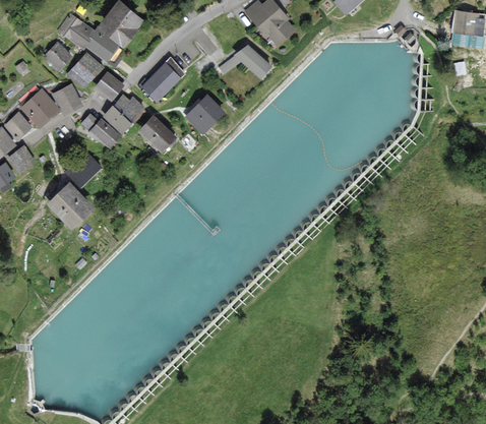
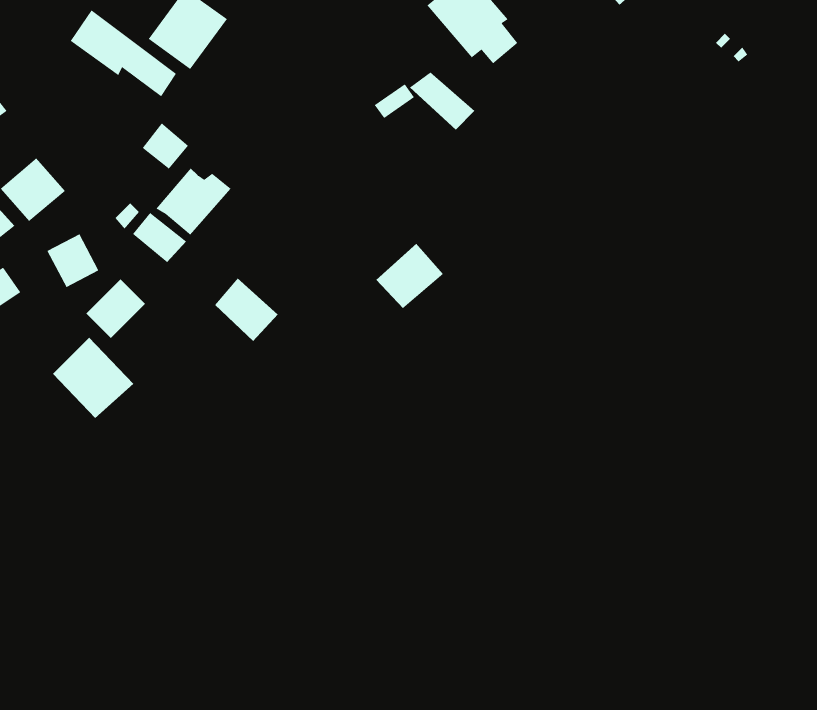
building: [44,44,71,71] -> none
building: [70,55,102,86] -> none
building: [143,64,179,100] -> none
building: [54,85,81,114] -> [47,233,99,288]
building: [187,98,223,132] -> [376,243,444,309]
building: [141,117,175,150] -> [214,278,278,342]

